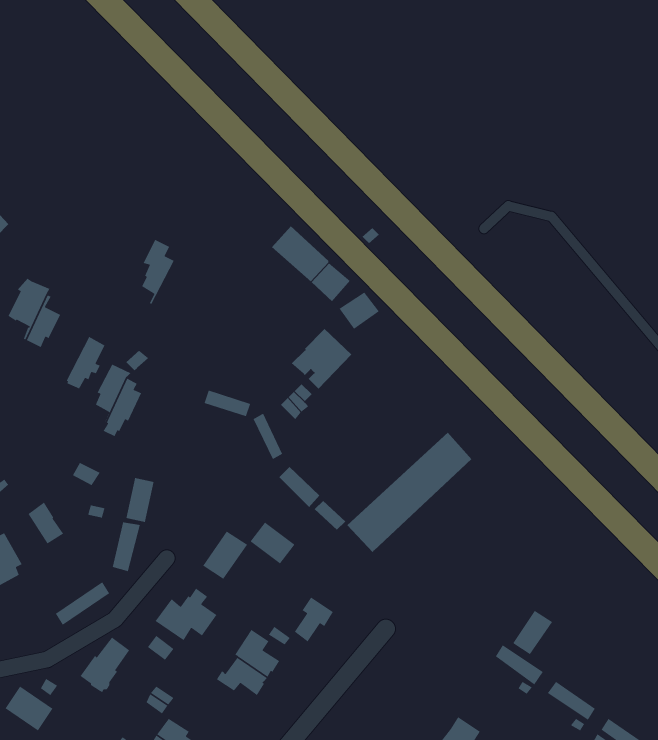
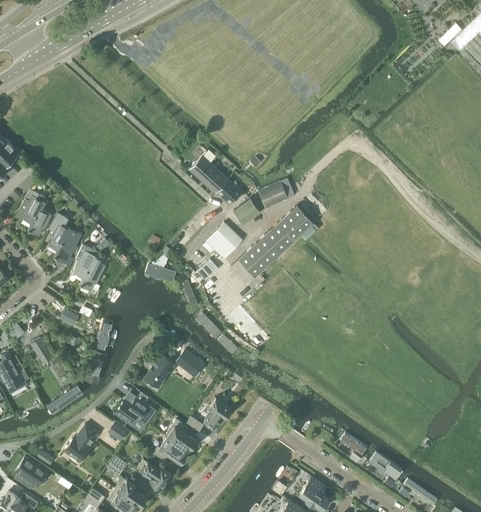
building: [141,239,175,305] -> [48,214,70,257]
building: none -> [258,179,294,208]
building: [347,432,472,553] -> [231,205,313,284]
building: [513,610,553,655] -> none
building: none -> [137,459,169,487]

